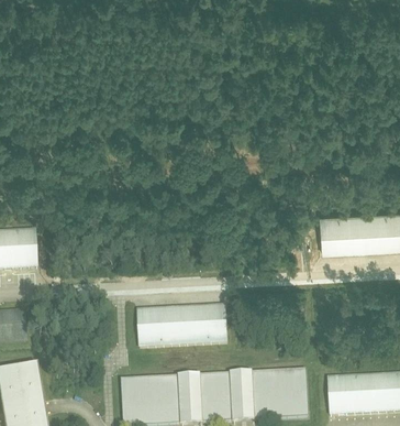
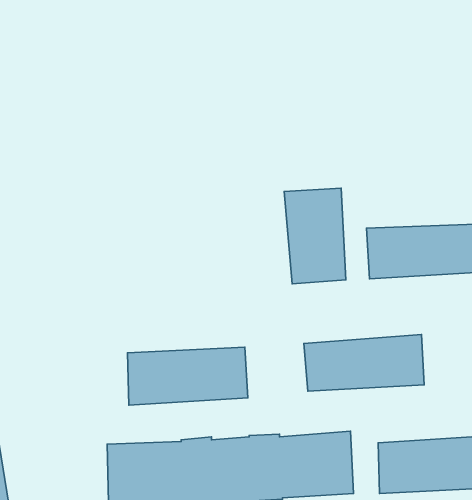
building: none -> [284,188,346,284]
building: none -> [304,334,424,391]

